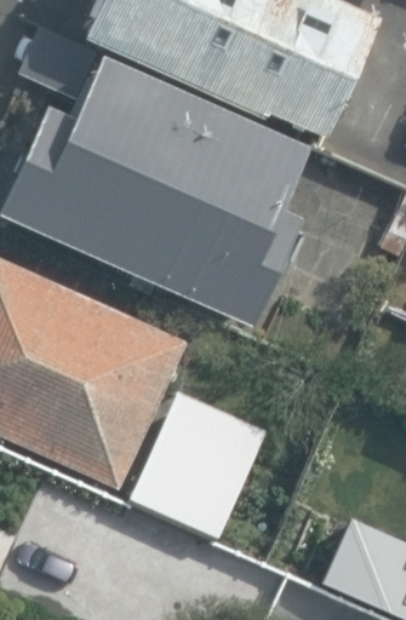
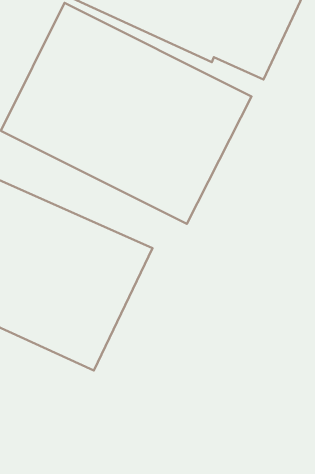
building: [130,392,267,540] -> none

